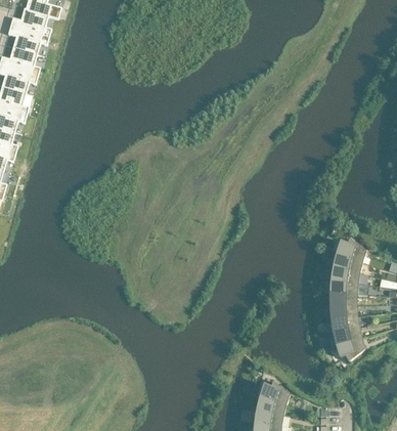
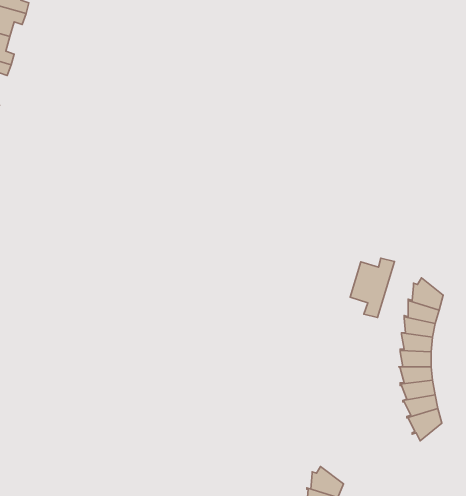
building: none -> [350,258,394,317]

